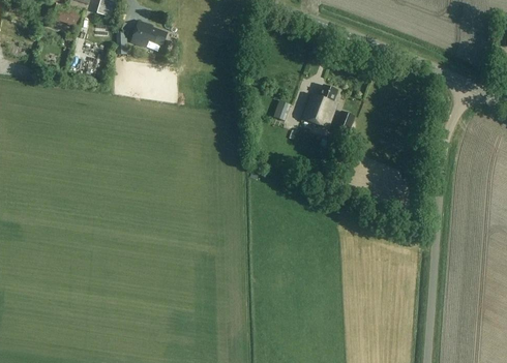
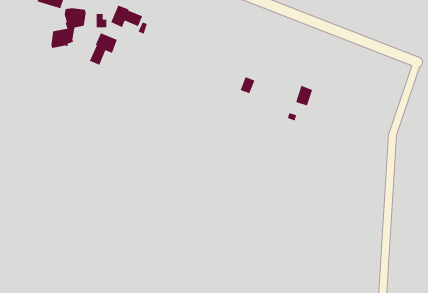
building: none -> [89,32,118,66]
building: [300,85,337,128] -> none

